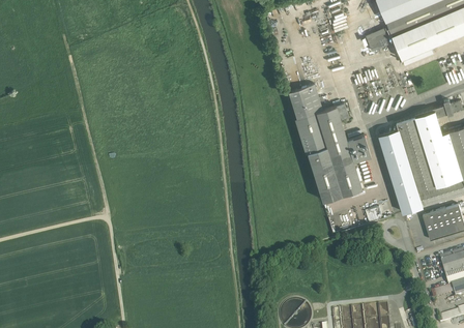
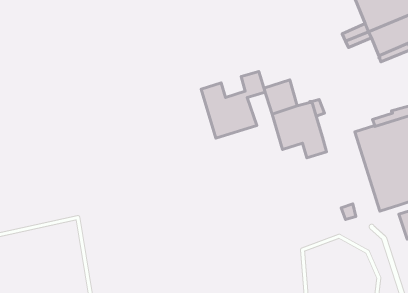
building: [308,136,371,202] -> [201,71,265,138]

